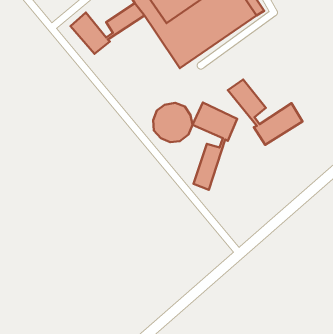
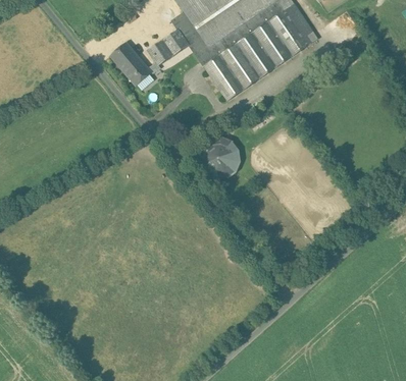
building: [228,80,302,145] -> none
building: [192,102,237,190] -> none

